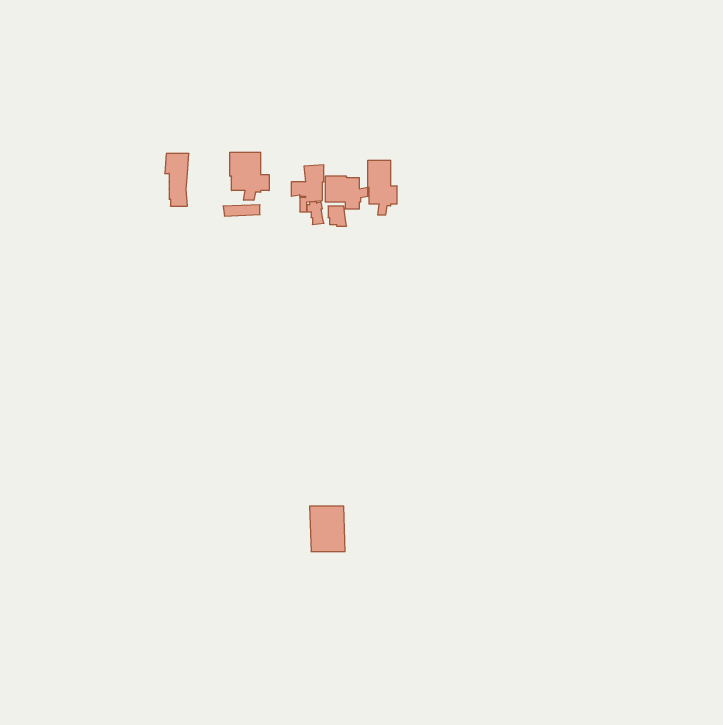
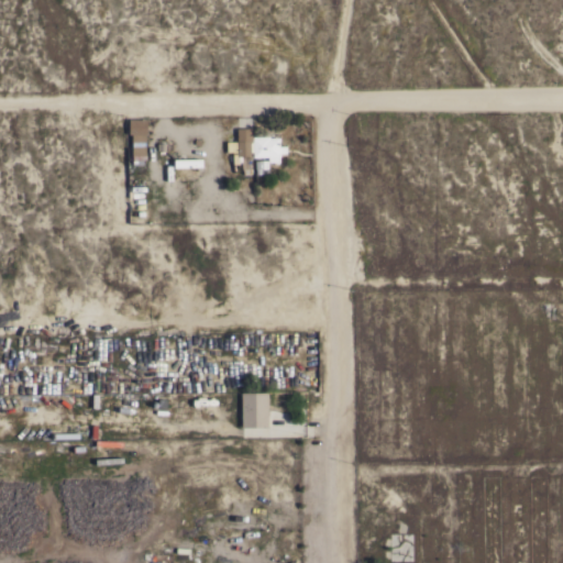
building: [230,152,269,200] -> none
building: [368,160,397,215] -> none

